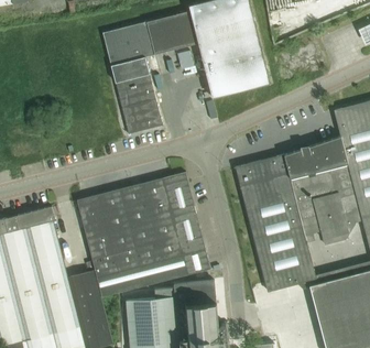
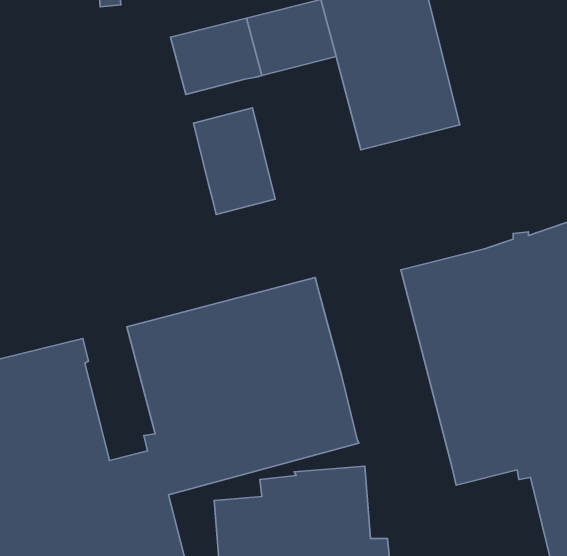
building: [111,56,150,81] -> none

